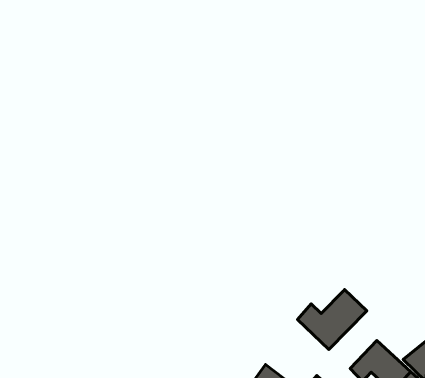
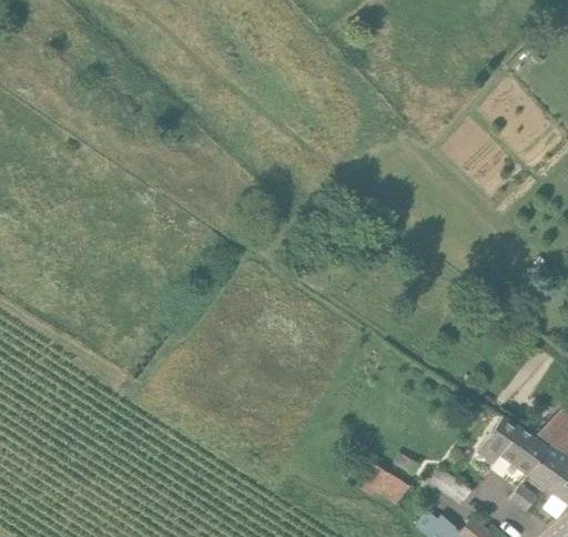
building: [297,290,367,349] -> none

